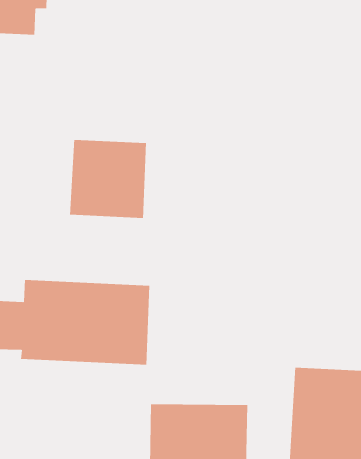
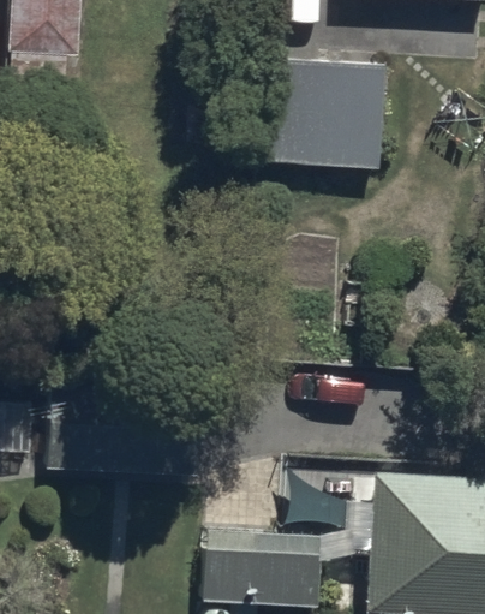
building: none -> [257,58,385,168]
building: [70,139,147,219] -> none

